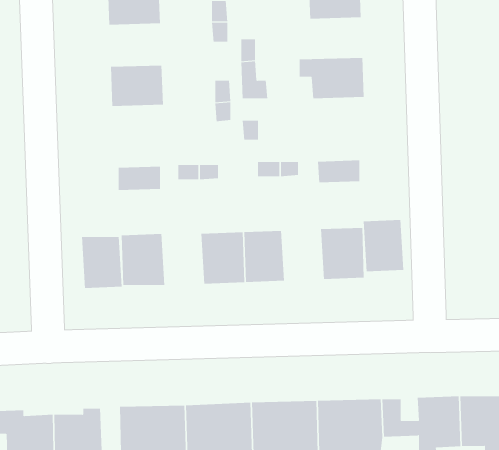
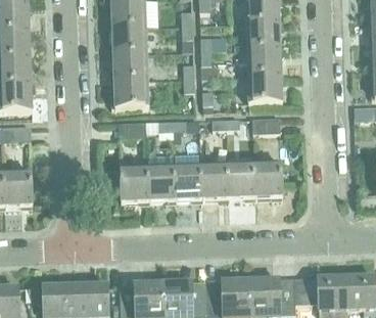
building: none -> [246,21,282,49]
building: none -> [112,26,148,54]
building: none -> [248,75,284,103]
building: none -> [114,80,150,107]
building: [363,220,404,272] -> [228,163,255,197]
building: [81,236,122,288] -> [148,166,176,200]

